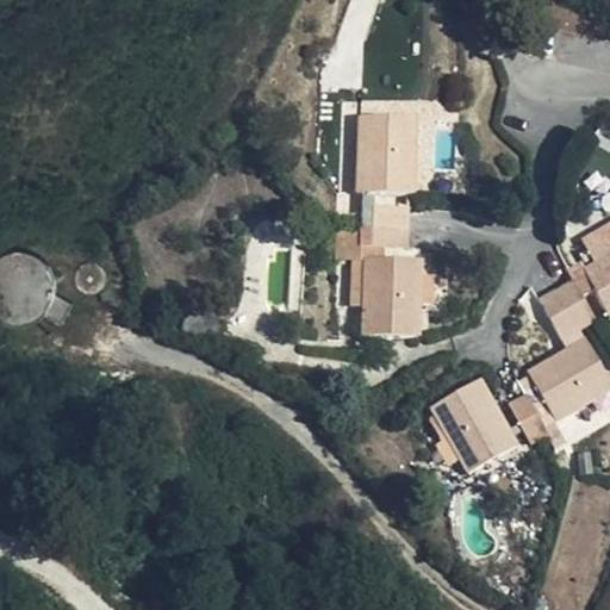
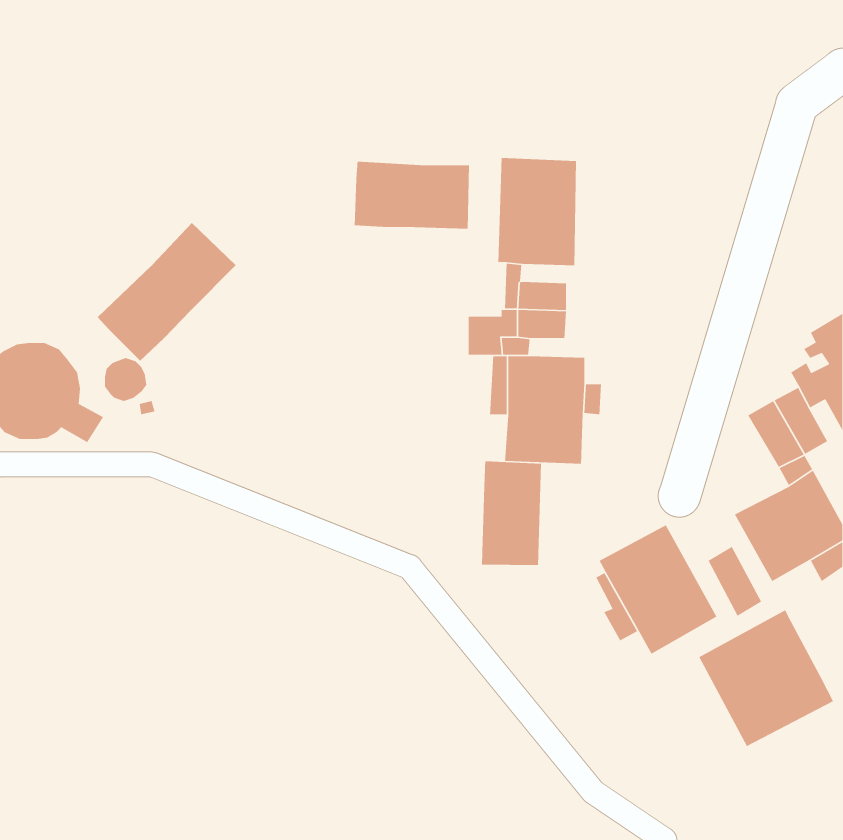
building: none -> [354,161,470,229]
building: none -> [97,222,237,362]
building: none -> [481,460,542,566]
building: none -> [698,609,834,747]

